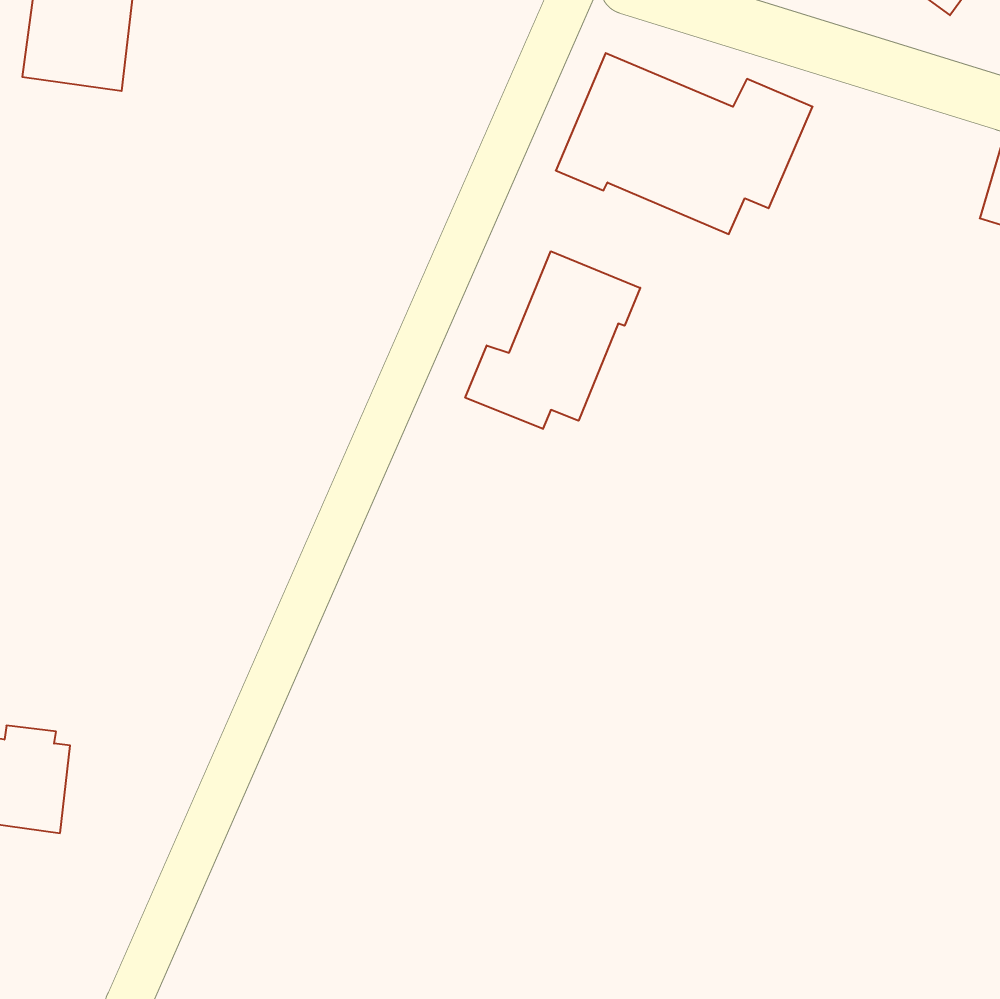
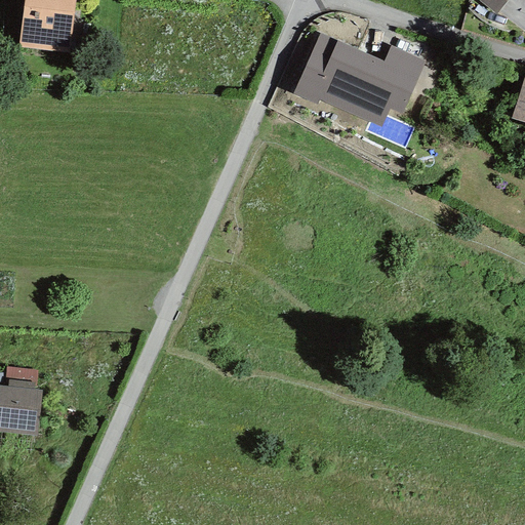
building: [465,251,640,429] -> none

